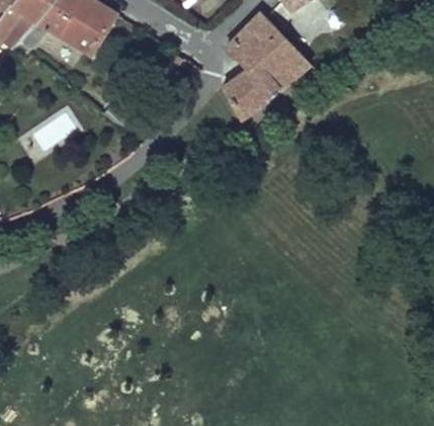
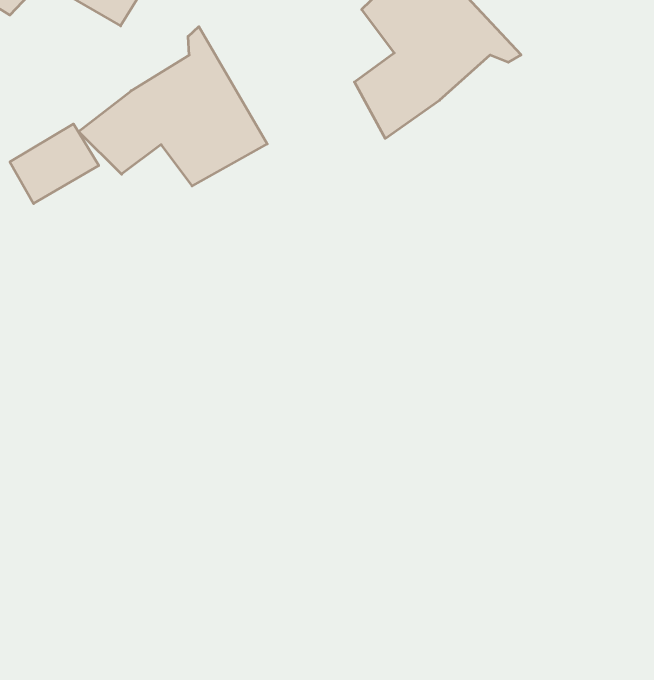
building: none -> [78,27,267,186]

